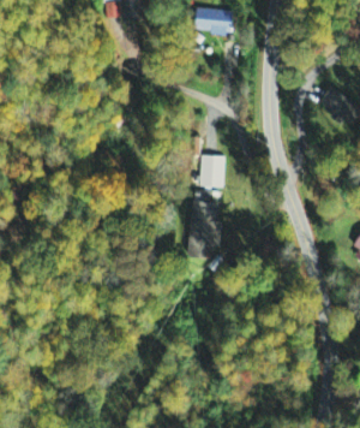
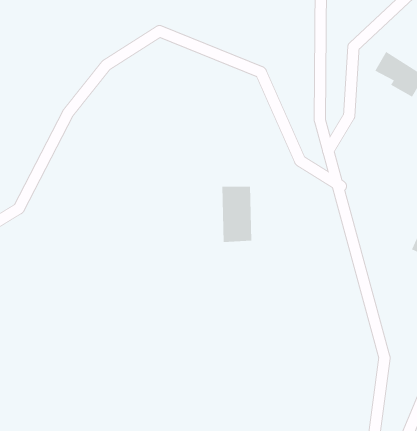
building: [199,154,224,186] -> none

